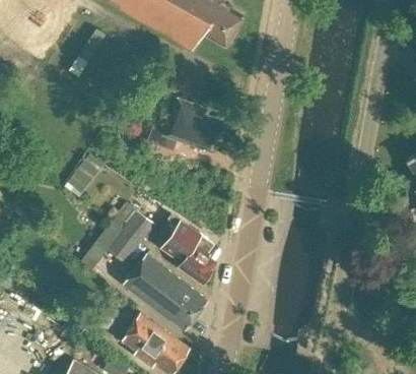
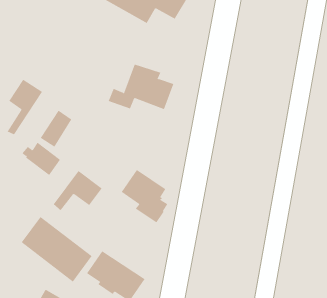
building: none -> [7,79,43,135]
building: [108,203,153,243] -> [22,142,61,176]
building: [124,253,207,330] -> [21,216,92,282]

